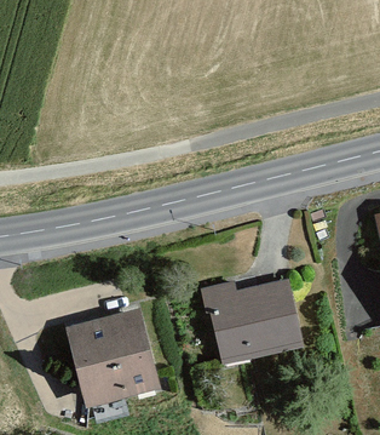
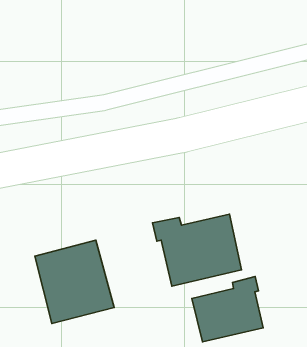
building: none -> [192,277,263,342]

